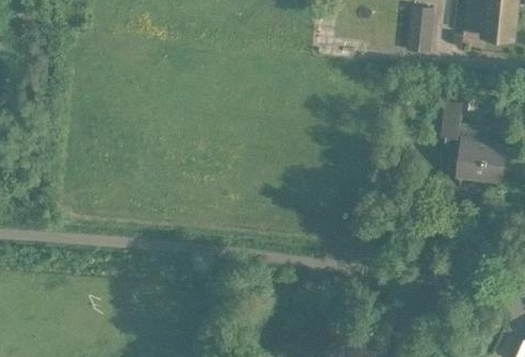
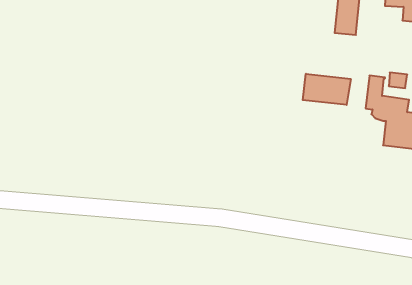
building: none -> [303,74,351,105]

